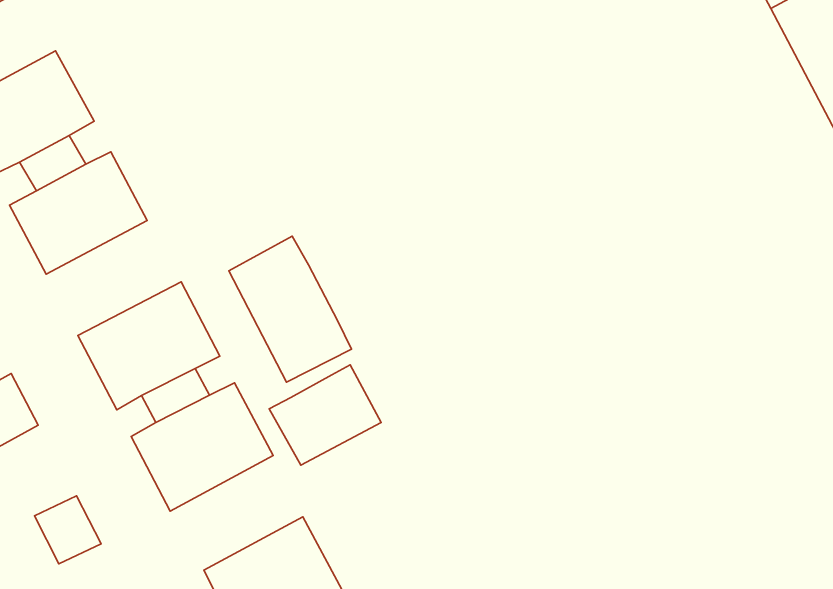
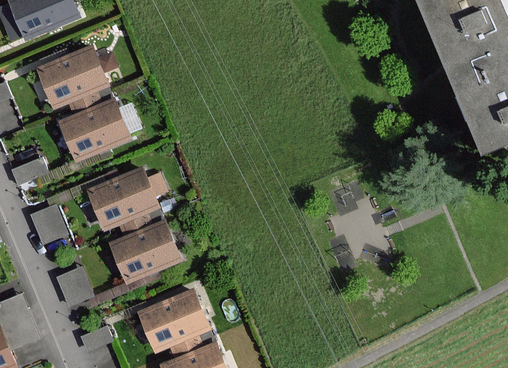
building: [229,236,351,382] -> none
building: [269,365,381,465] -> none

